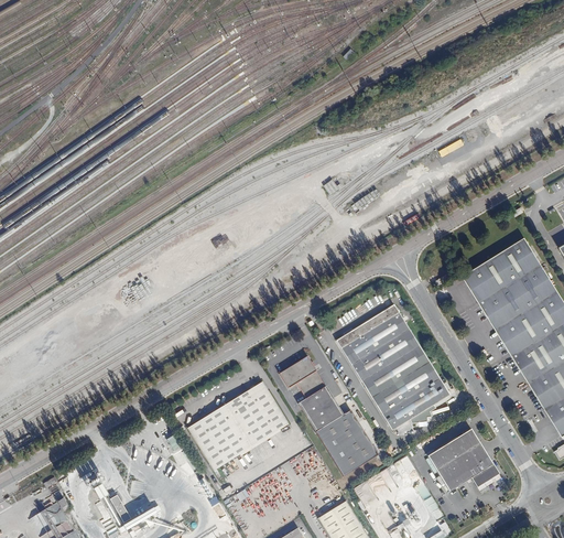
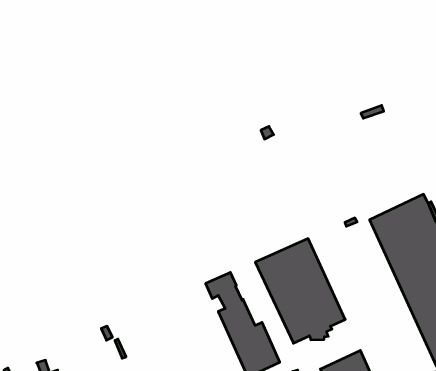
building: [187,381,290,471] -> none

